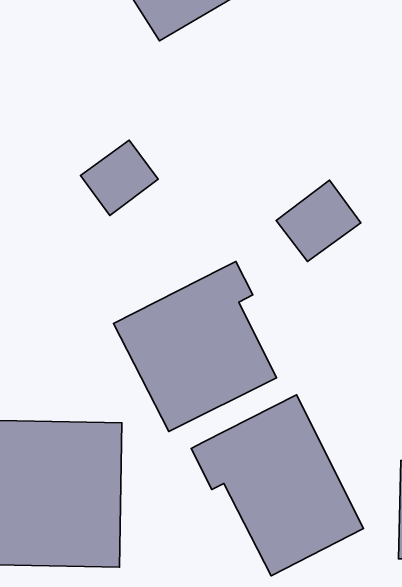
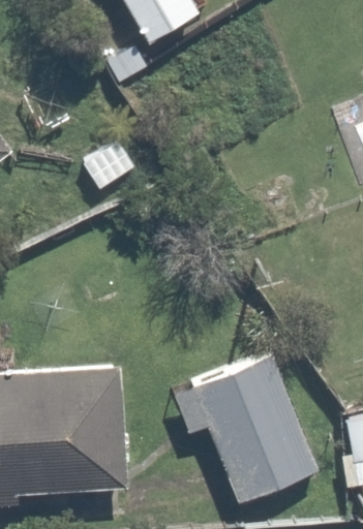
building: [113,262,276,431] -> none

